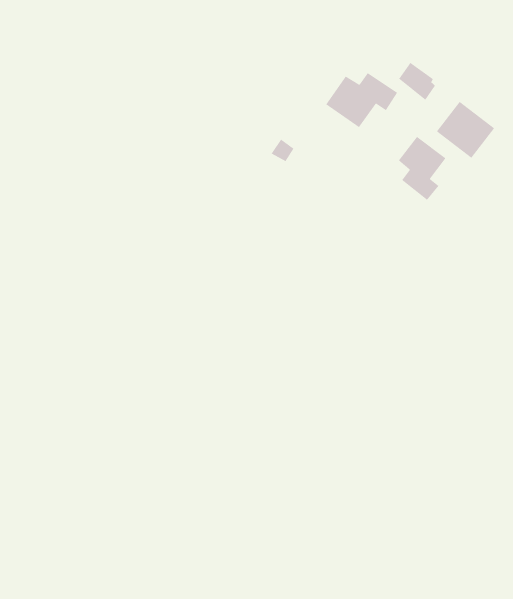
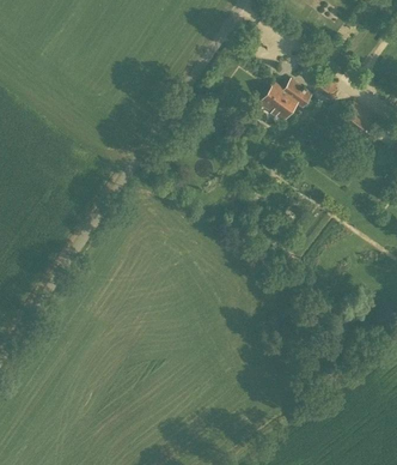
building: [398,136,446,201] -> none

